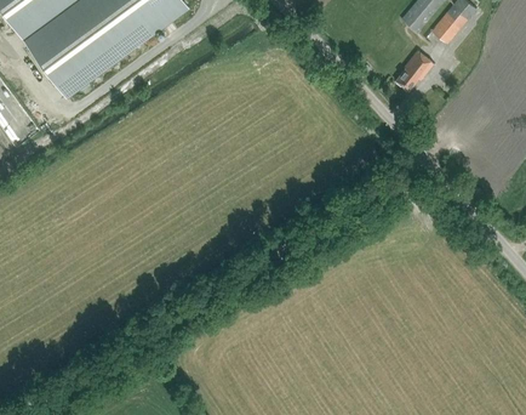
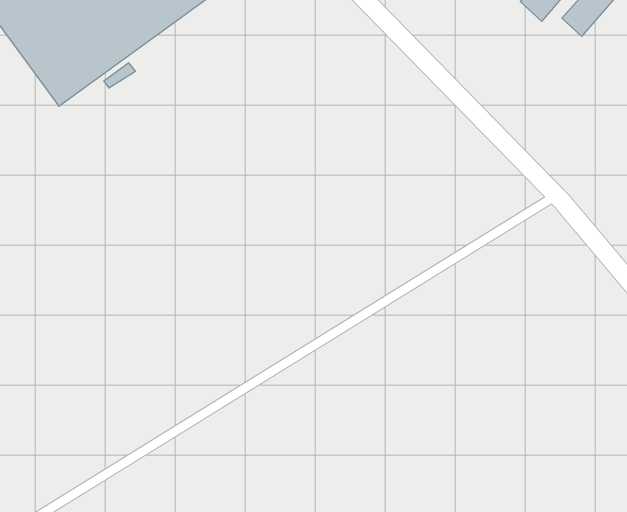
building: [395,52,433,92] -> none

